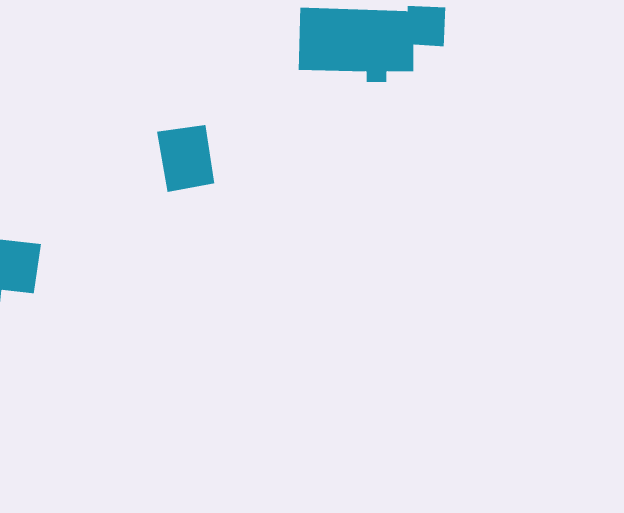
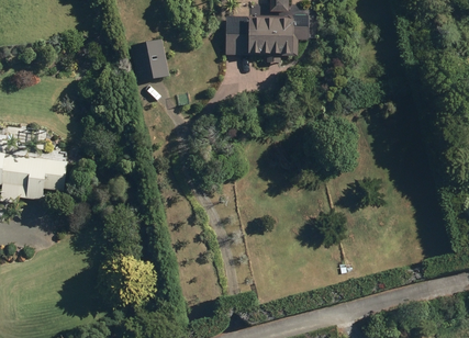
building: [156,124,215,192] -> [132,37,168,79]

